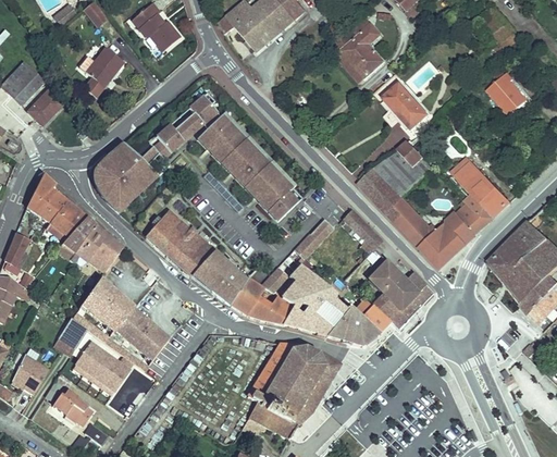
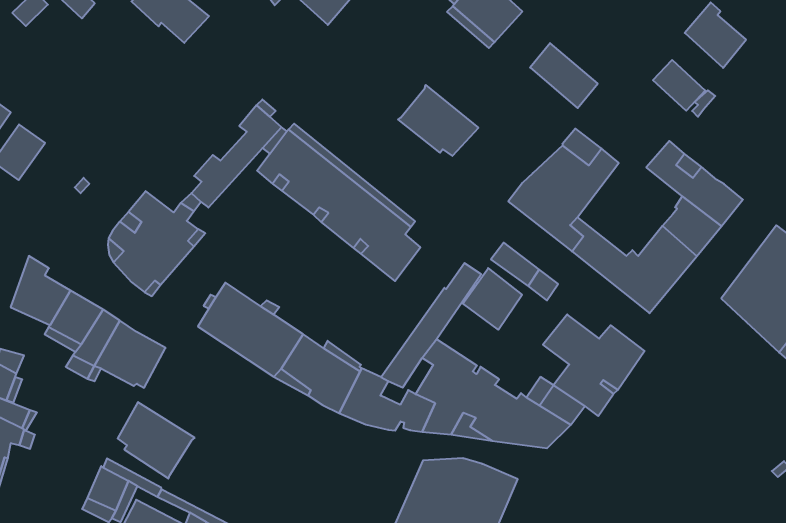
building: [78,47,124,98] -> none
building: none -> [398,85,478,156]
building: none -> [653,60,705,111]
building: none -> [463,268,522,330]
building: [114,309,169,359] -> none

